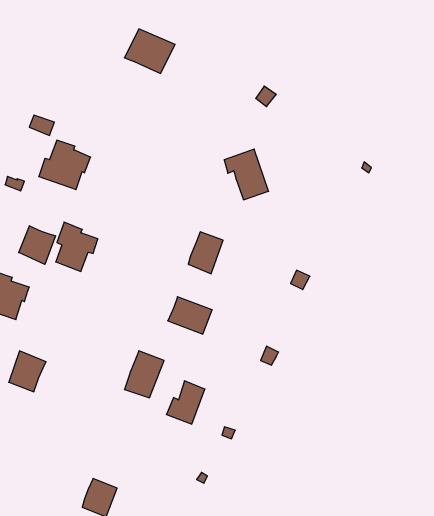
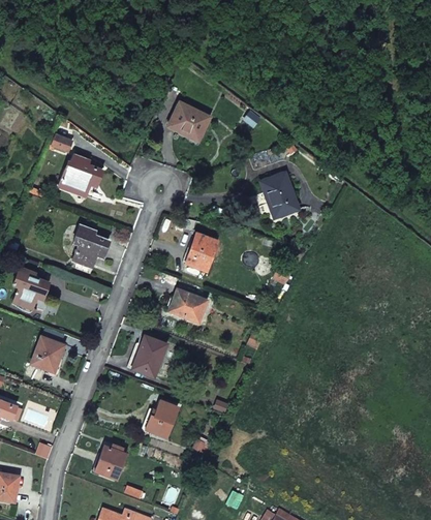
building: [124,29,175,73] -> [166,101,210,140]
building: [224,149,269,200] -> [260,173,299,216]
building: [19,226,56,264] -> none
building: [166,381,205,424] -> [145,400,178,437]

